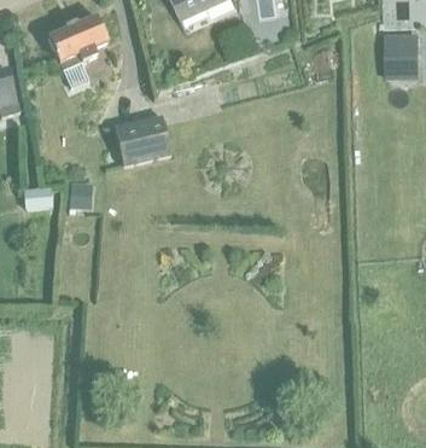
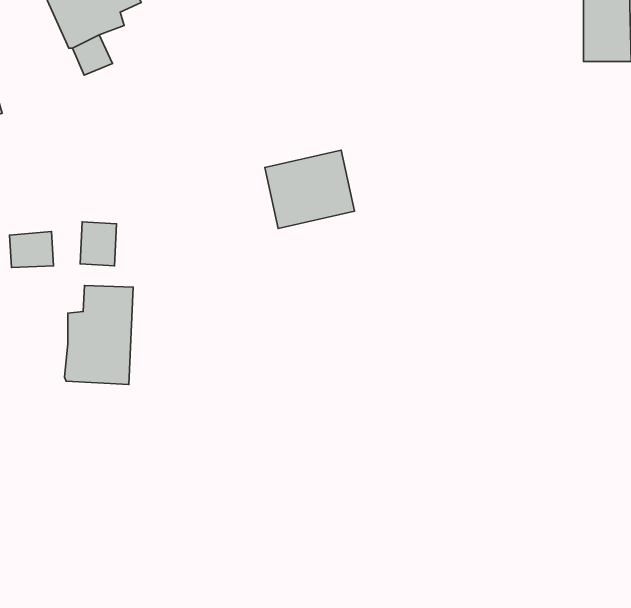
building: [113,115,170,164] -> [265,150,354,228]
building: none -> [65,285,133,384]

